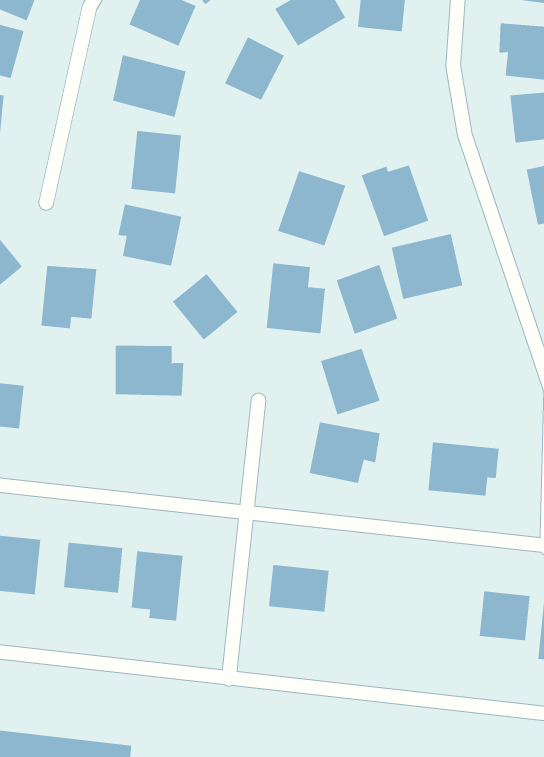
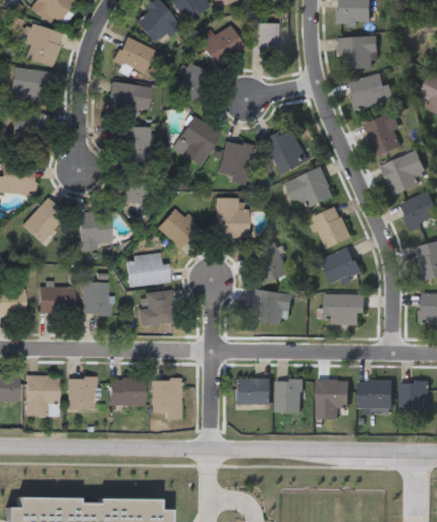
building: none -> [173,115,222,165]
building: [336,264,398,335] -> [311,206,350,250]
building: none -> [320,247,360,284]
building: none -> [81,281,108,314]
building: none -> [138,290,175,324]
building: none -> [274,379,302,413]
building: none -> [315,379,348,419]

